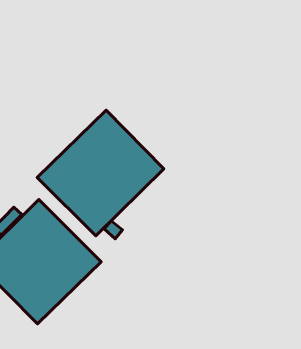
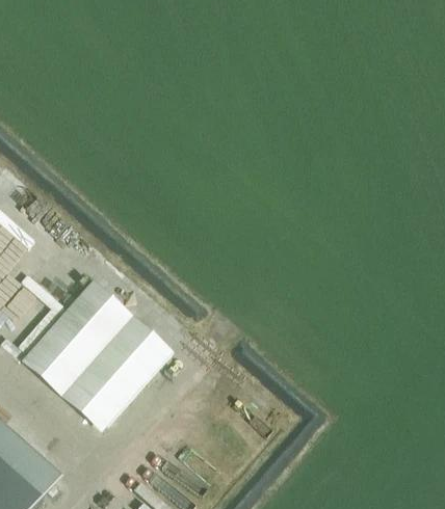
building: [37,110,164,236] -> none

